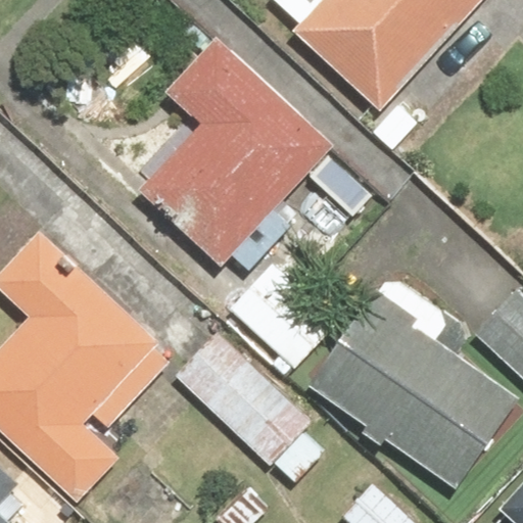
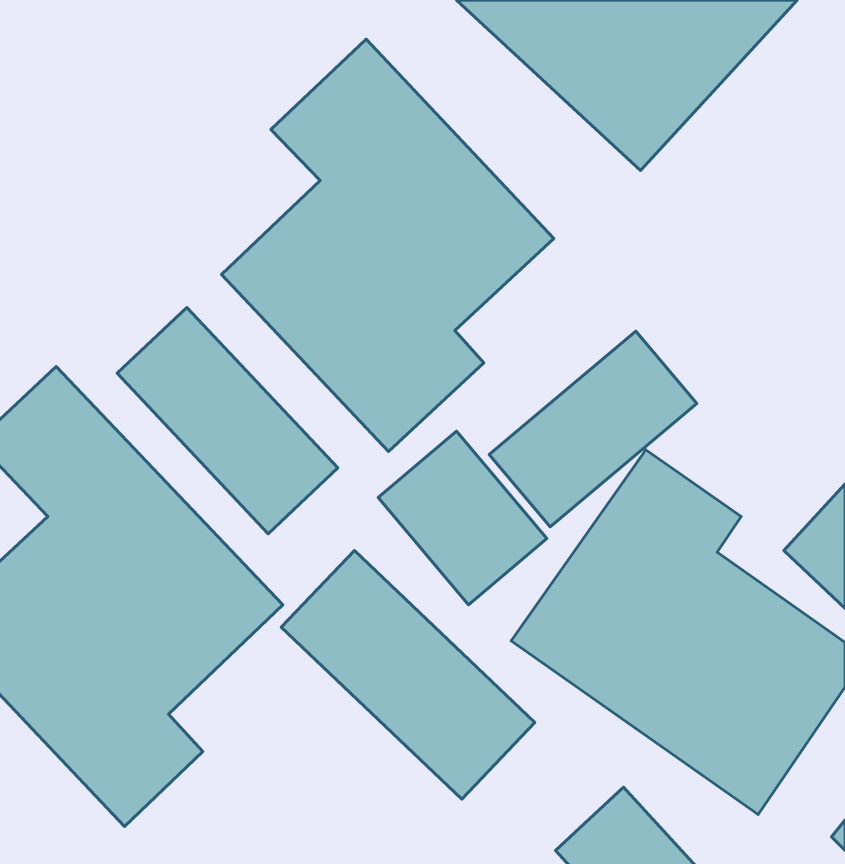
building: none -> [117,308,338,534]
building: none -> [489,331,697,527]

